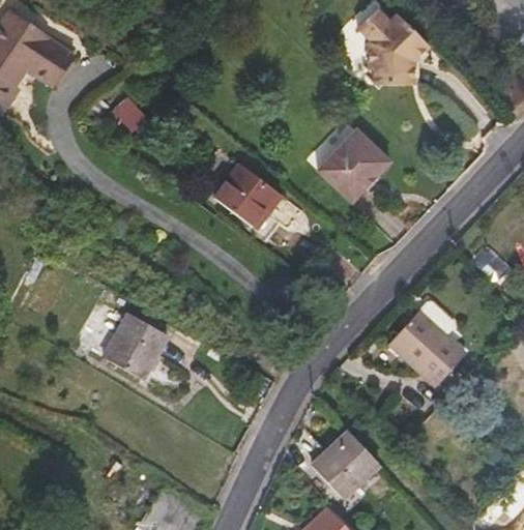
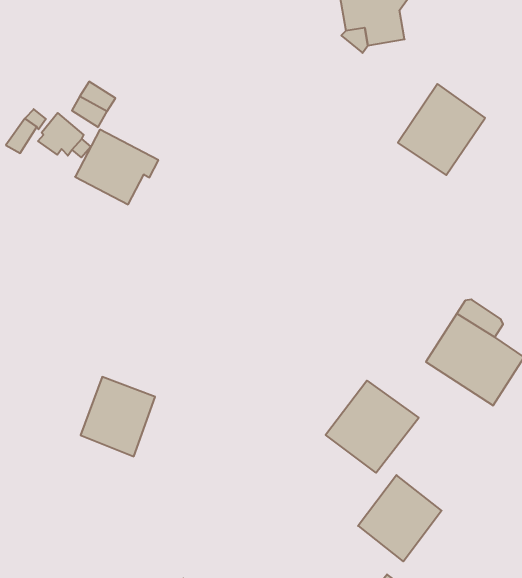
building: [317,128,389,202] -> [398,84,485,175]
building: [214,164,283,227] -> [75,130,158,204]
building: none -> [326,381,419,473]

